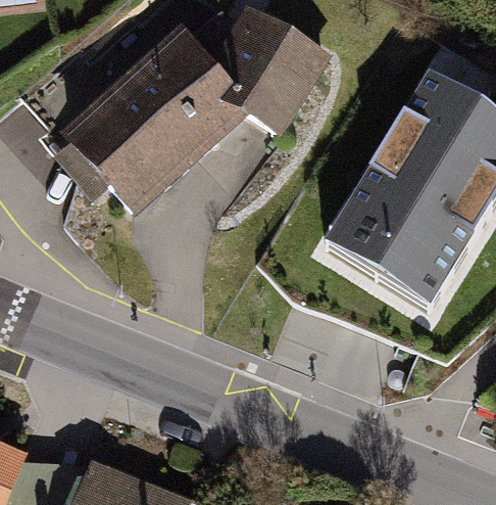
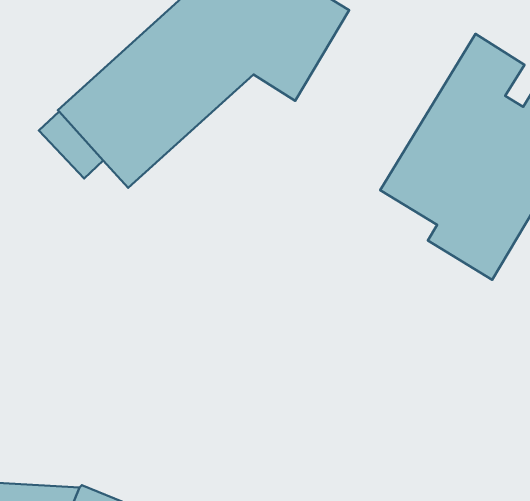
building: [327,209,445,308] -> none

